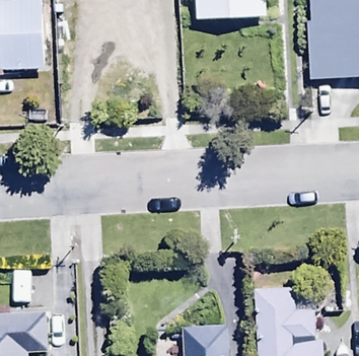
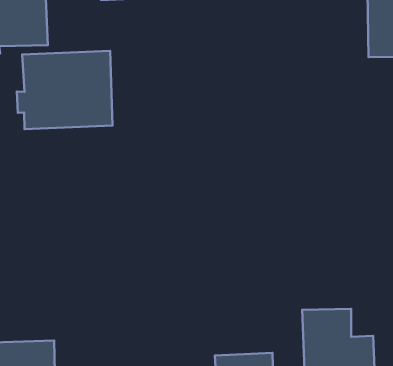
building: none -> [17,51,113,129]

